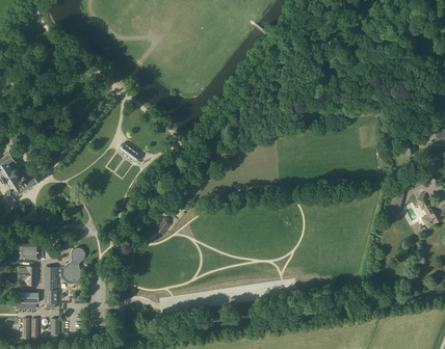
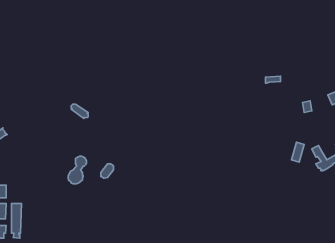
building: [62,247,85,281] -> [68,156,87,184]

